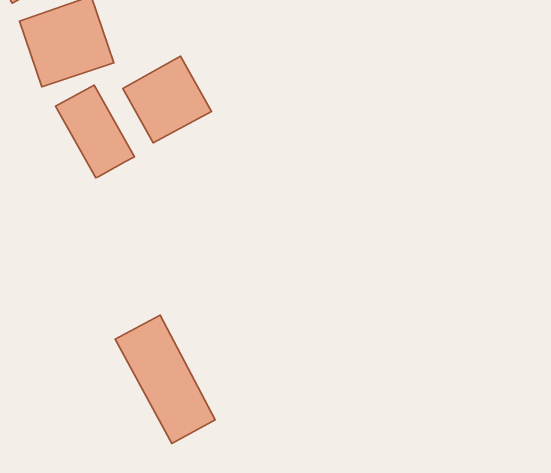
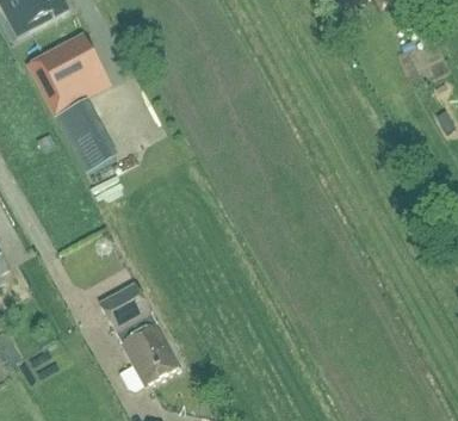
building: [123,56,211,143] -> none

